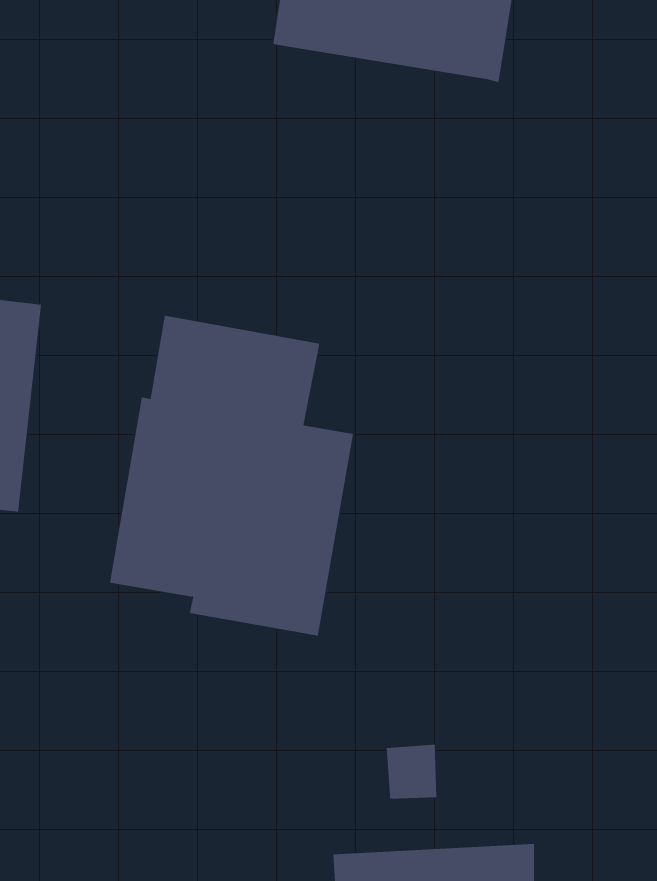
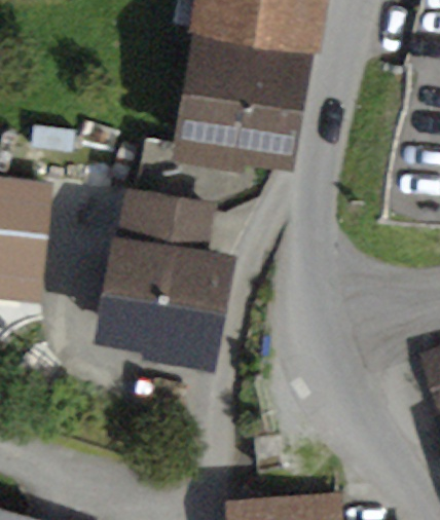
building: none -> [169,31,311,173]

